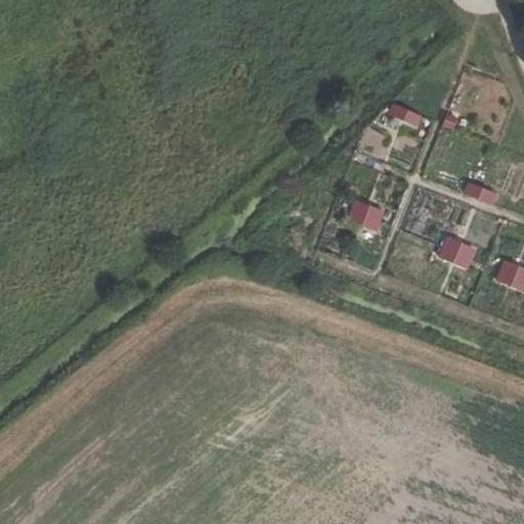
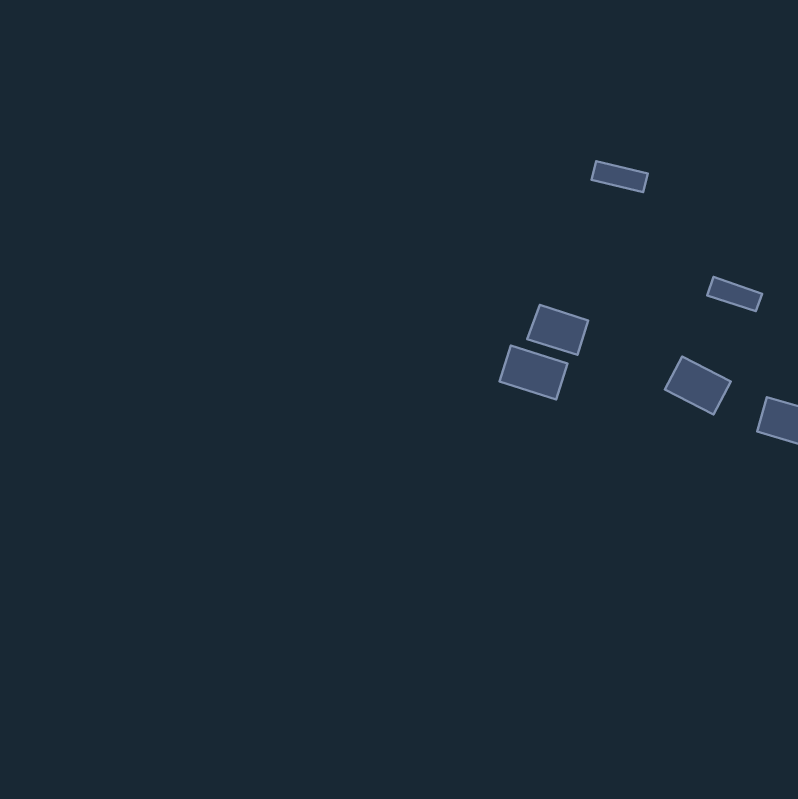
building: none -> [500,345,568,400]

